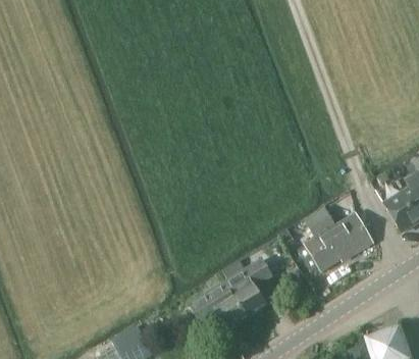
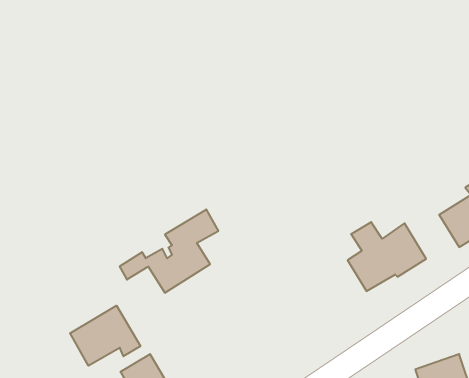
building: [188,257,272,328] -> [120,209,218,293]
building: none -> [70,306,140,366]

